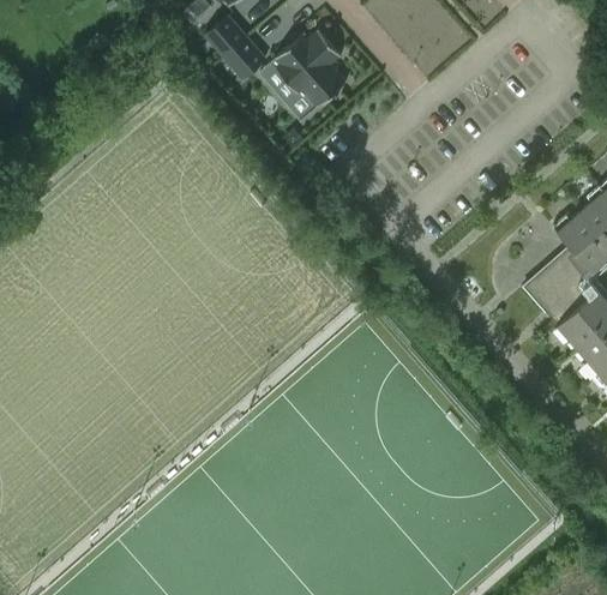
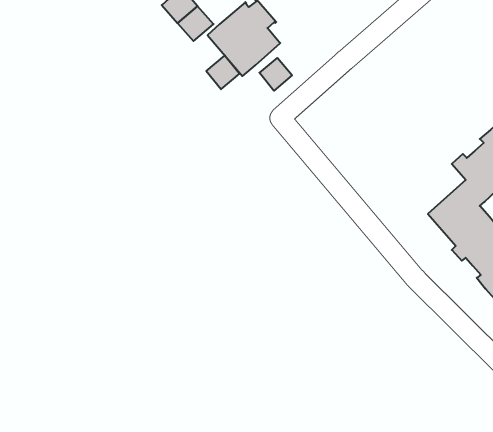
building: none -> [206,55,240,89]
building: none -> [259,58,292,91]

